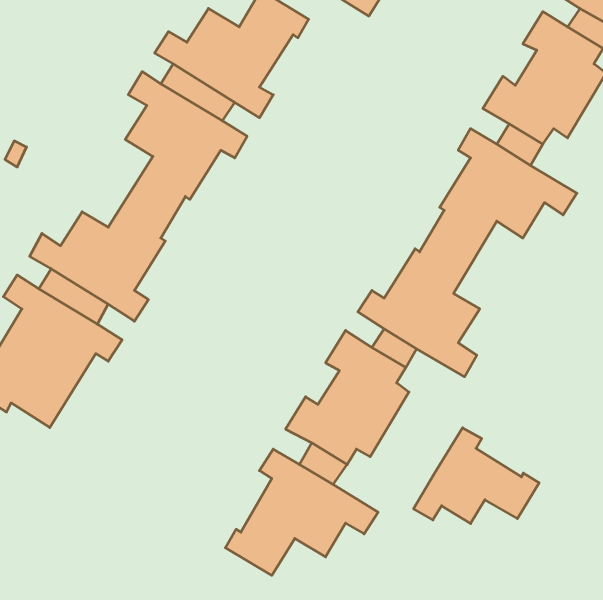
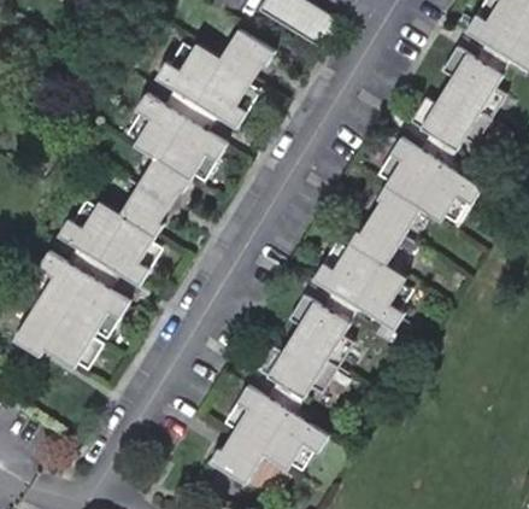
building: [414,428,539,524] -> none

